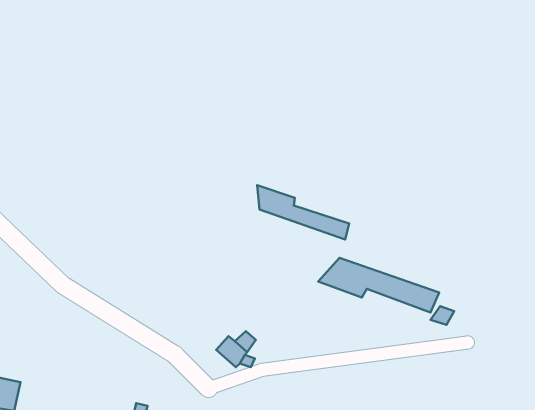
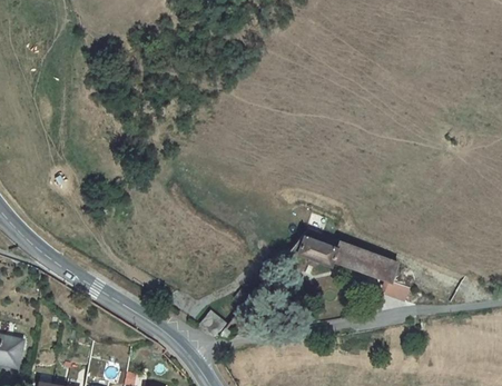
building: [257,185,349,239] -> none

